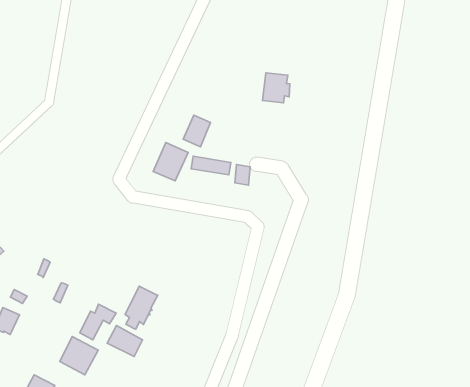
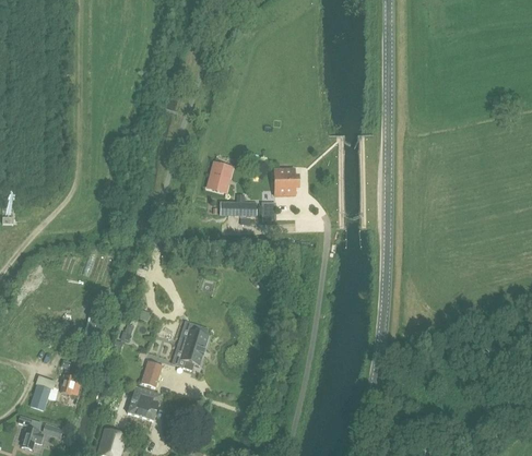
building: [263,73,290,103] -> [273,168,298,195]
building: [153,142,188,181] -> none
building: [107,325,143,357] -> none

